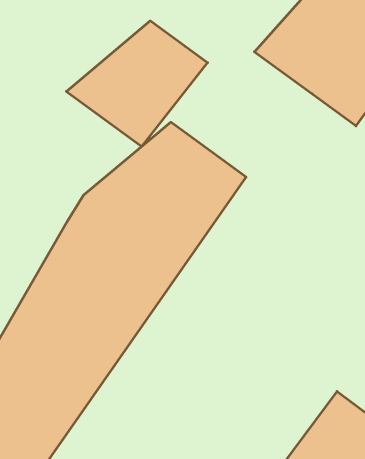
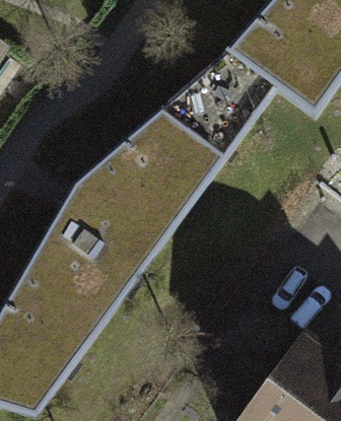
building: [66,21,208,146] -> [157,52,277,158]

